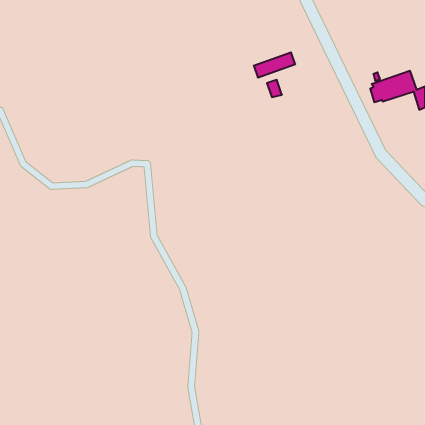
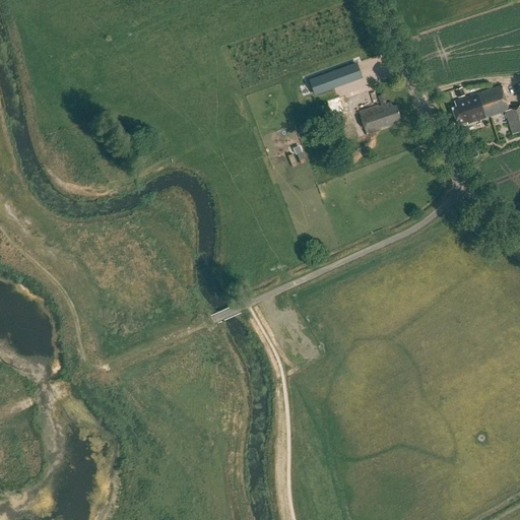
building: none -> [359,95,402,136]

